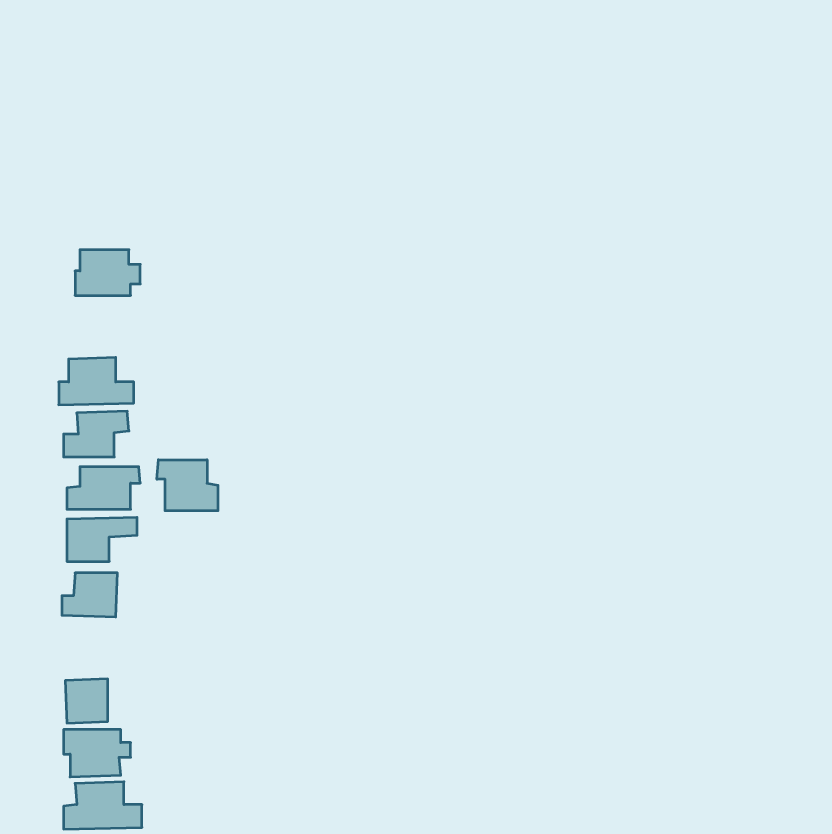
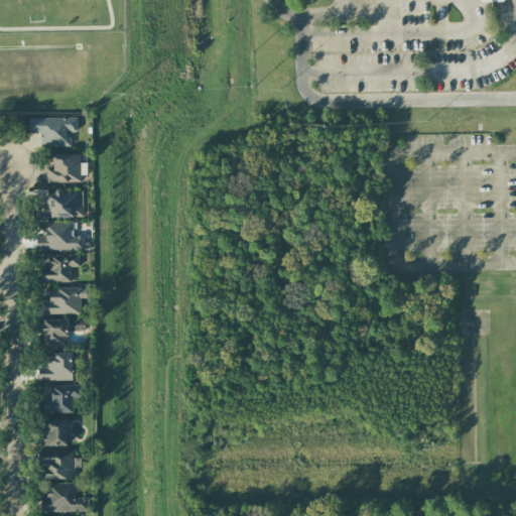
building: none -> [30,117,78,147]
building: none -> [36,190,84,218]
building: [157,460,218,511] -> none
building: none -> [40,385,83,413]

